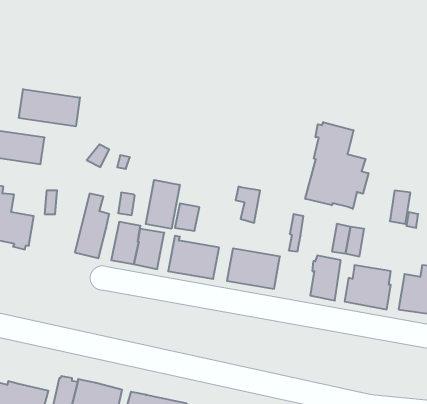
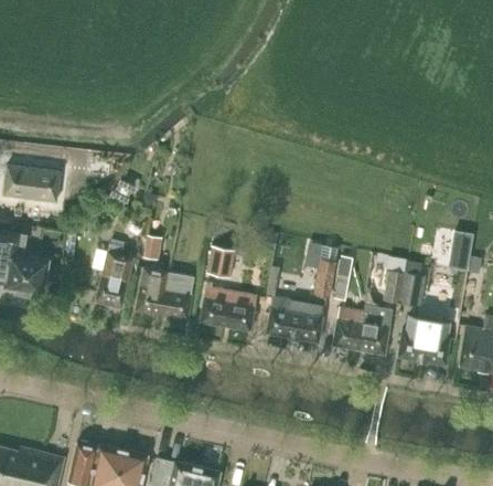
building: [19,89,80,126] -> none
building: [305,122,368,209] -> none
building: [146,180,180,229] -> none
building: [236,187,260,223] -> [309,257,336,298]
building: none -> [332,307,364,350]

